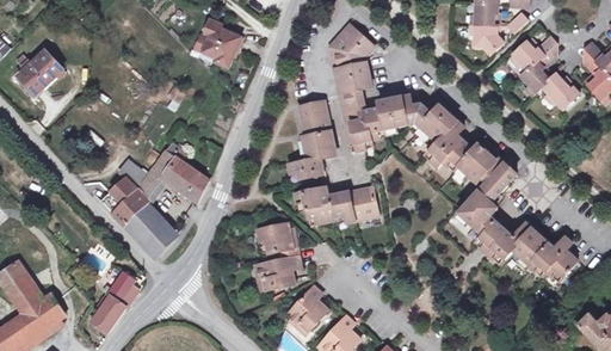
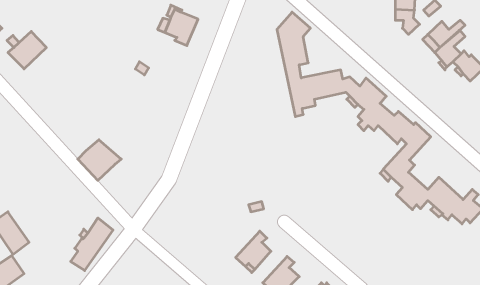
building: [329,24,356,152] -> none
building: [289,100,335,179] -> none
building: [118,142,209,202] -> none
building: [295,186,377,223] -> none
building: [123,207,173,258] -> none
building: [255,223,300,289] -> none
building: [21,294,62,335] -> none

